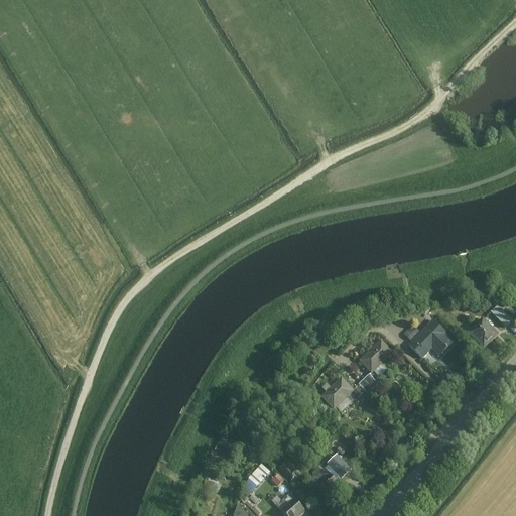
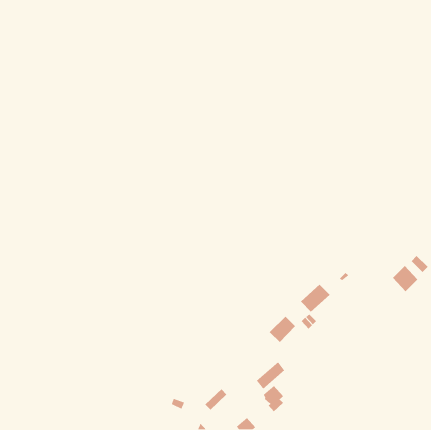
building: [408,318,455,358] -> none
building: none -> [256,361,285,390]

